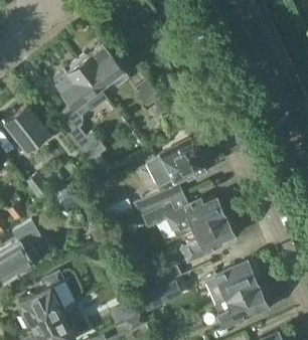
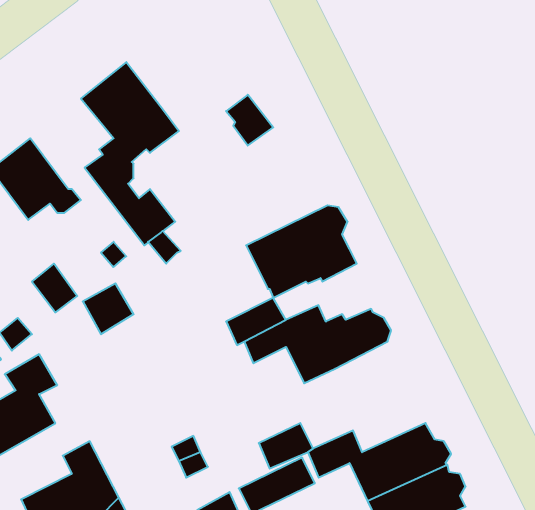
building: [78,43,127,88] -> none
building: [179,216,233,264] -> none

